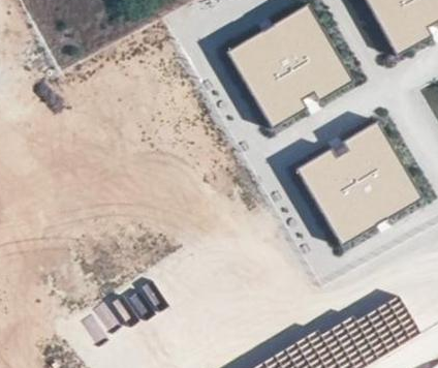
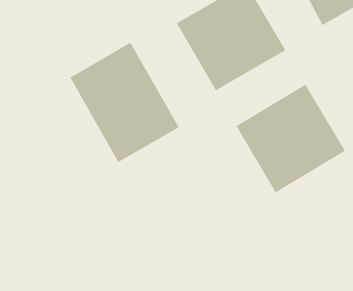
building: none -> [69,42,179,163]

